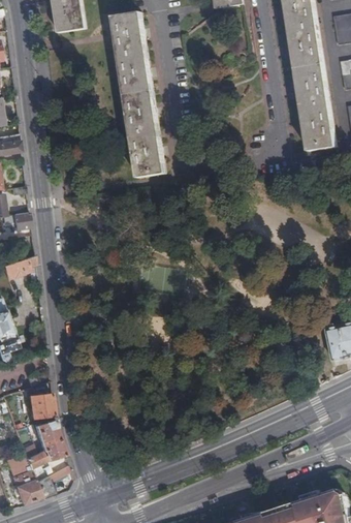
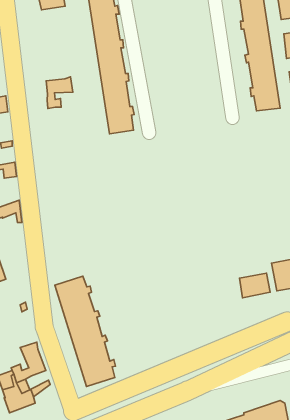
building: none -> [46,77,73,109]
building: none -> [239,273,270,298]
building: none -> [55,276,115,386]
building: [27,393,52,418] -> none

